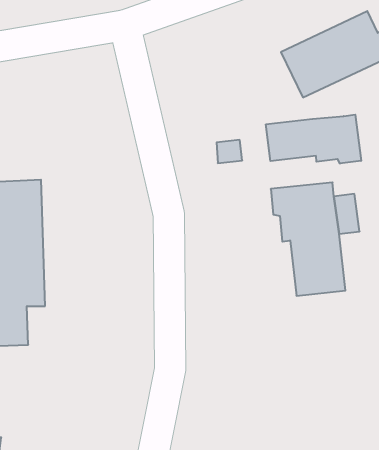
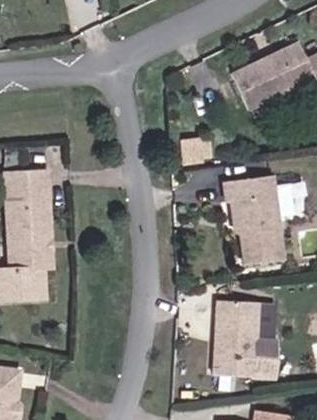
building: [266,115,361,164] -> none
building: none -> [217,301,281,377]

